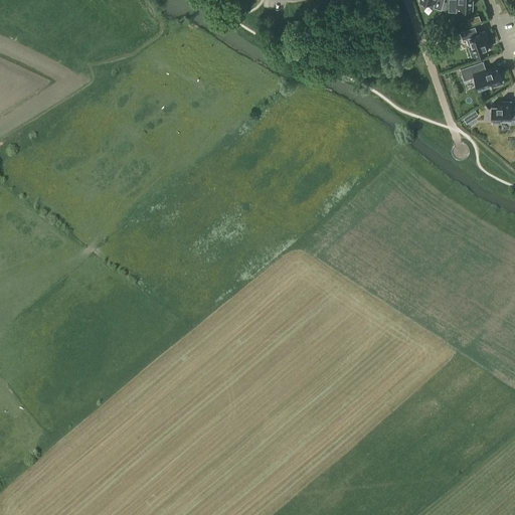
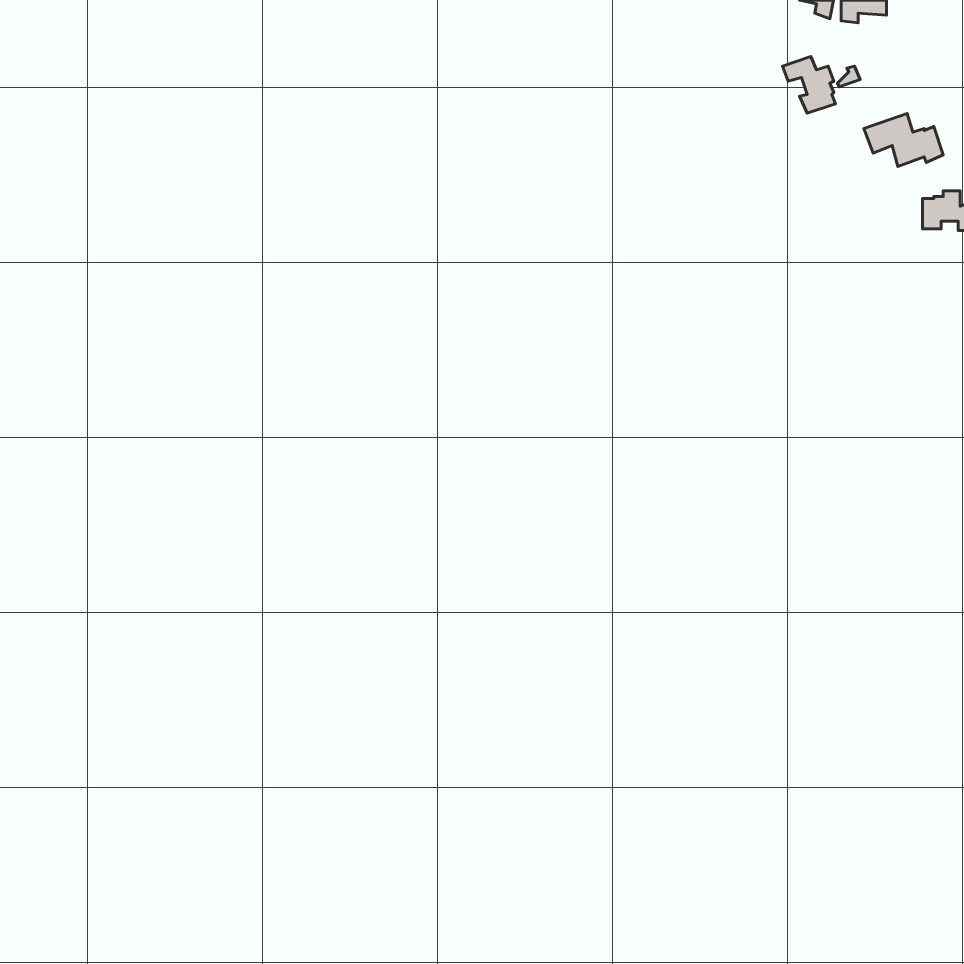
building: [461,27,489,57] -> [783,57,836,113]

